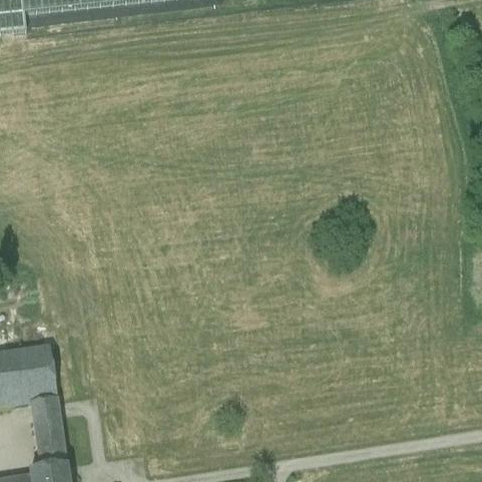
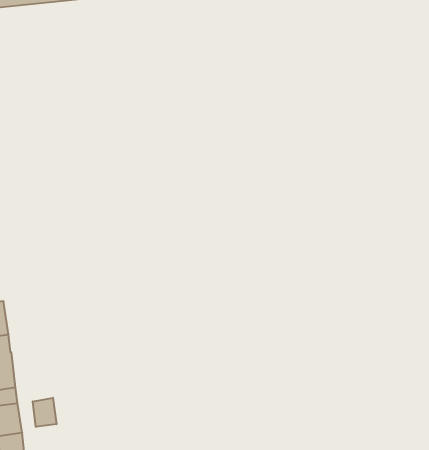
building: none -> [33,398,56,427]

